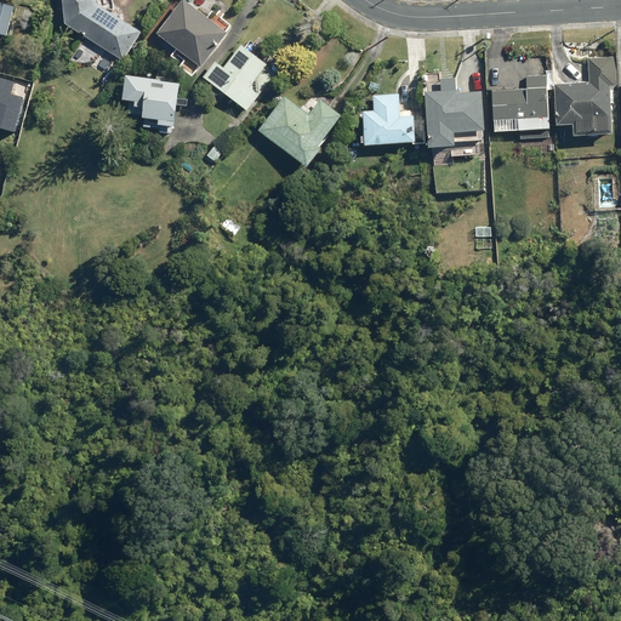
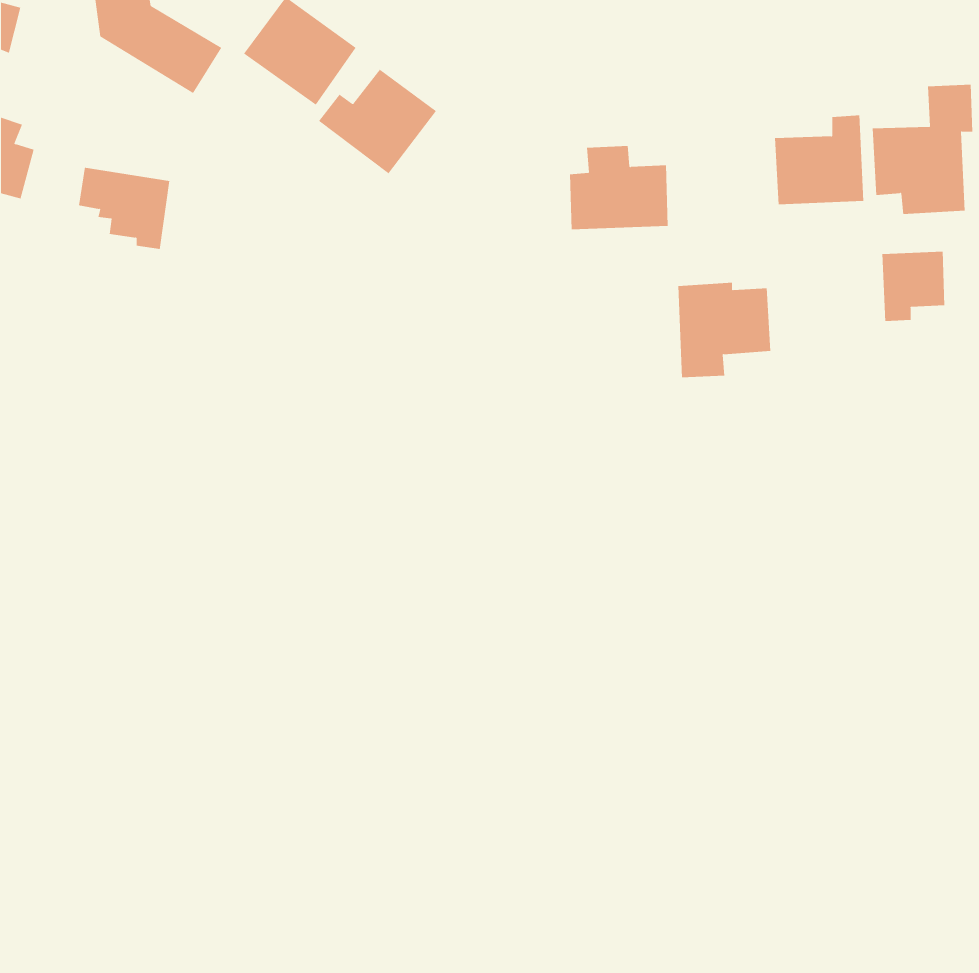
building: [120,75,178,127] -> [78,167,170,250]
building: [423,89,483,149] -> [677,282,771,378]
building: [256,95,342,169] -> none
building: none -> [882,251,945,322]

